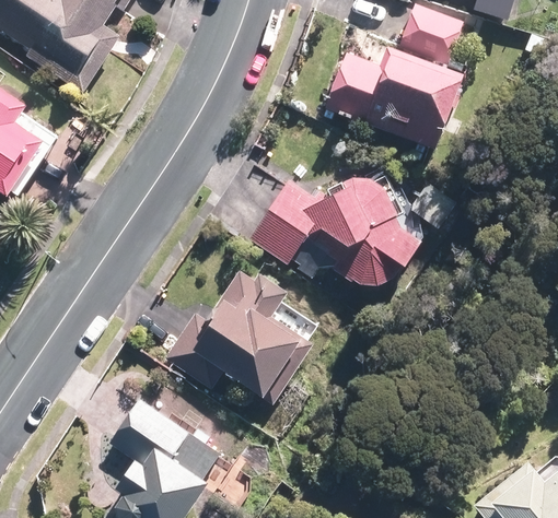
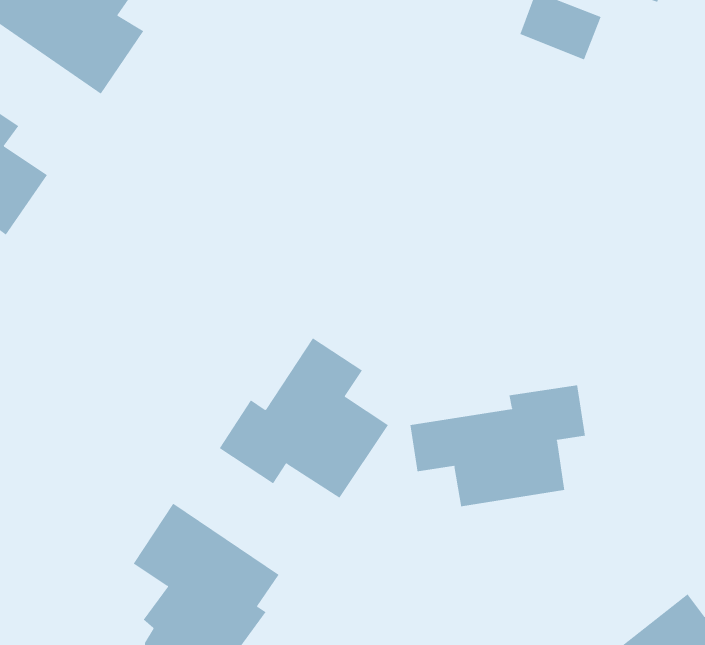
building: [334,51,461,145] -> none
building: [256,173,410,281] -> none
building: none -> [410,384,586,507]

